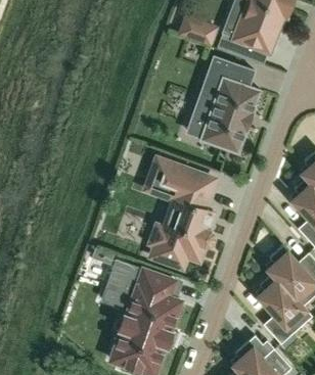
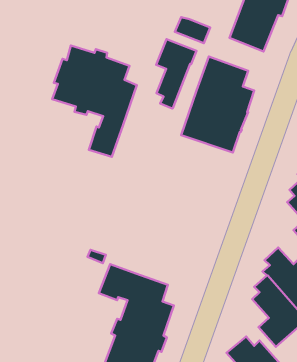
building: none -> [156,39,197,108]
building: none -> [52,45,137,157]
building: [150,161,214,267] -> none

